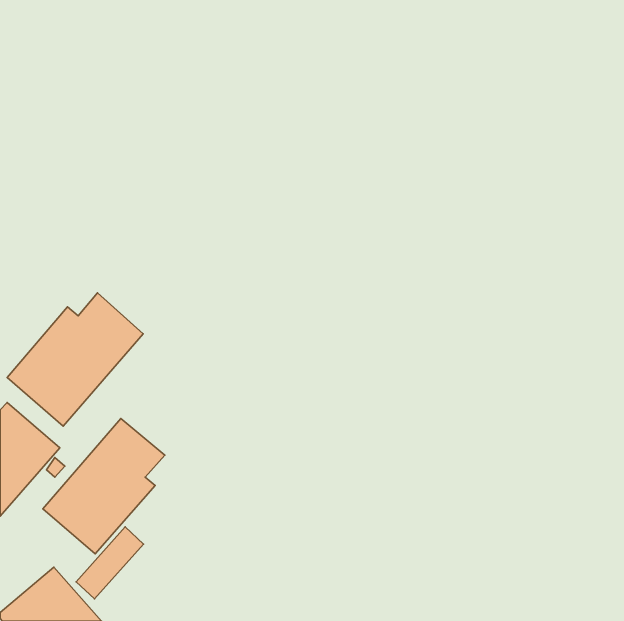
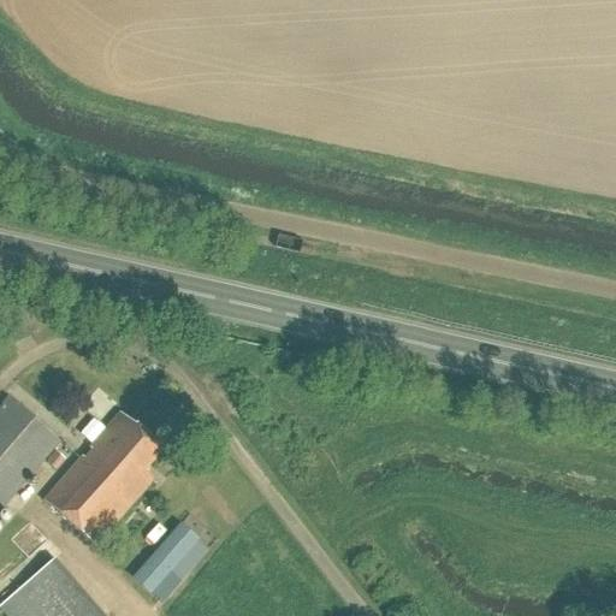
building: [7,293,143,426] -> none
building: [76,527,143,599] -> [131,525,197,596]

